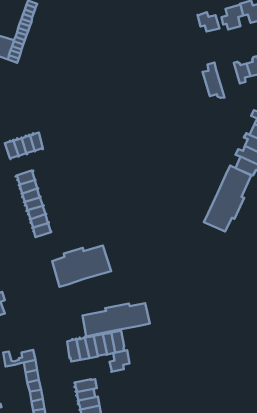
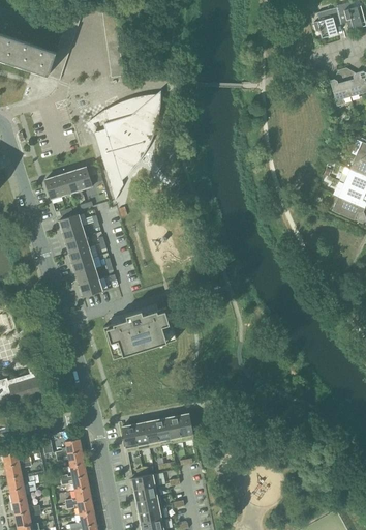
building: [197,12,219,32] -> none
building: [203,62,224,98] -> none
building: none -> [94,92,160,201]
building: [204,165,251,231] -> none
building: [82,303,150,336] -> none
building: [109,350,129,372] -> none

